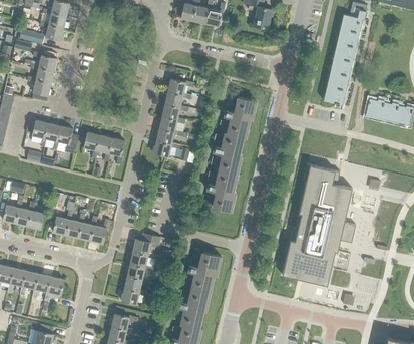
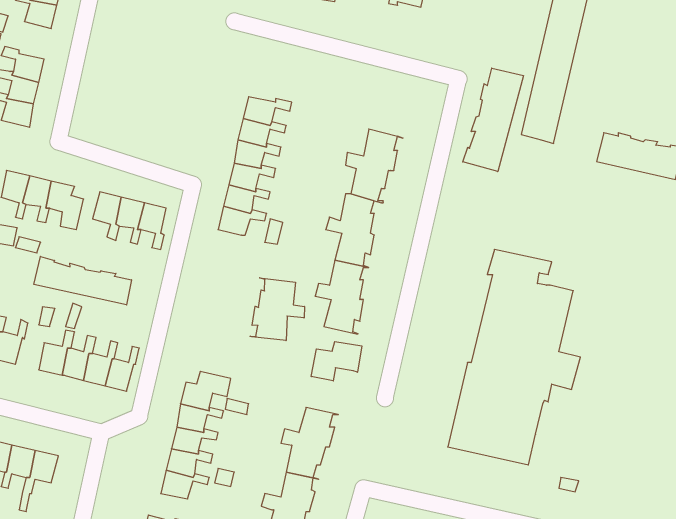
building: none -> [463,68,523,172]
building: none -> [34,256,131,305]
building: none -> [250,278,304,341]
building: none -> [311,342,362,381]

